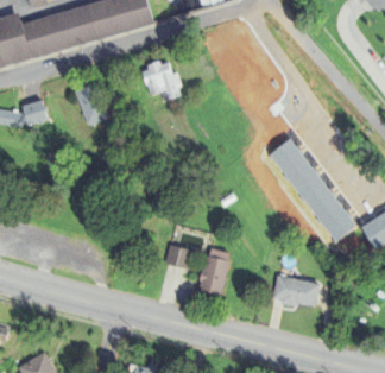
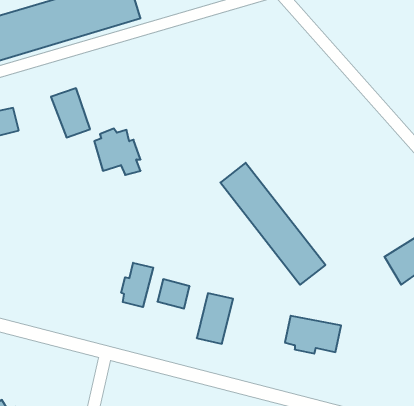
building: [139,61,178,100] -> [94,129,141,175]
building: [265,139,354,242] -> [220,163,325,285]
building: none -> [121,263,153,307]

